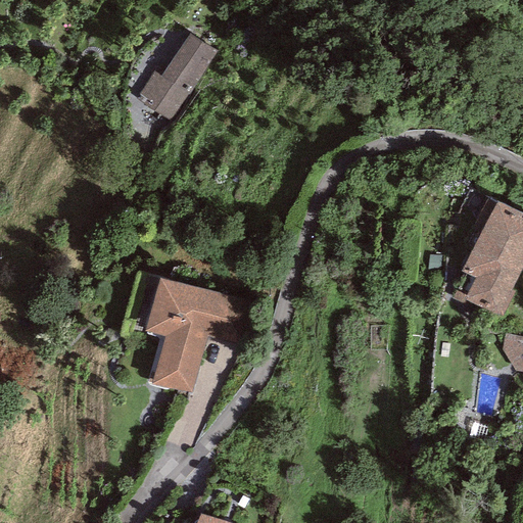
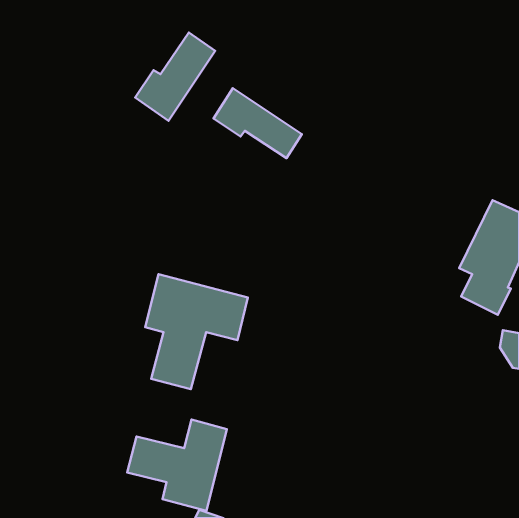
building: none -> [213,88,302,158]
building: none -> [127,419,227,511]

